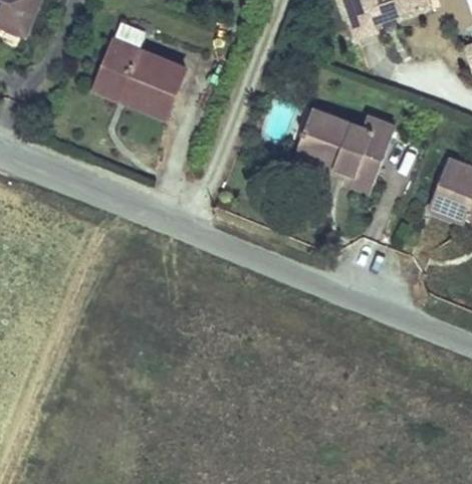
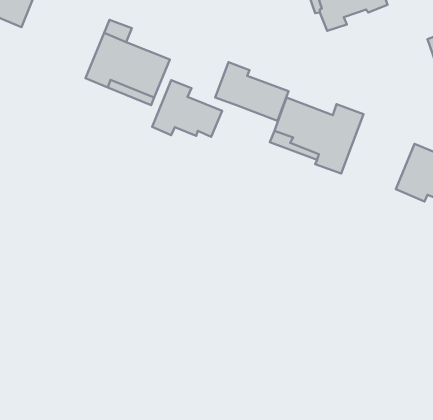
building: none -> [215,62,288,121]
building: none -> [152,80,222,137]

